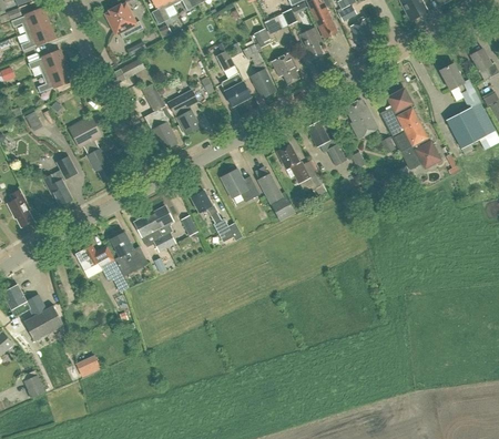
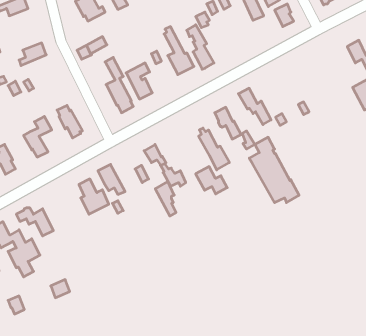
building: [20,23,54,51] -> none
building: [298,27,323,58] -> none
building: [28,50,65,74] -> none
building: [272,52,299,84] -> none
building: [380,88,441,167] -> [249,137,299,203]
building: [345,99,378,137] -> none
building: [69,115,102,147] -> none
building: [221,169,259,202] -> [196,167,227,194]
building: [150,205,175,247] -> [155,182,176,216]
building: [75,245,121,279] -> [16,208,53,236]

